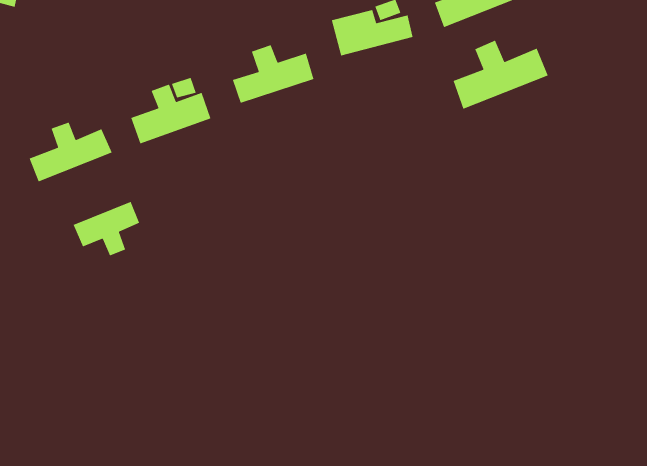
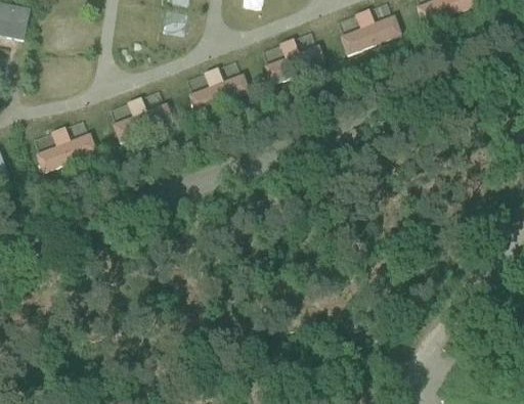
building: [453,39,549,110] -> none
building: [72,201,140,256] -> none

